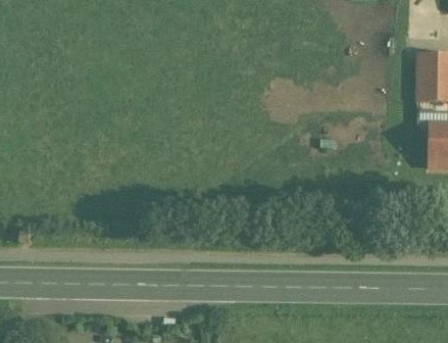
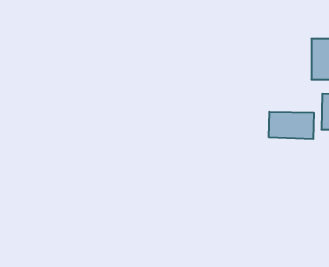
building: none -> [269,112,314,139]

